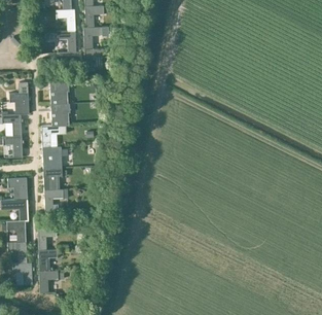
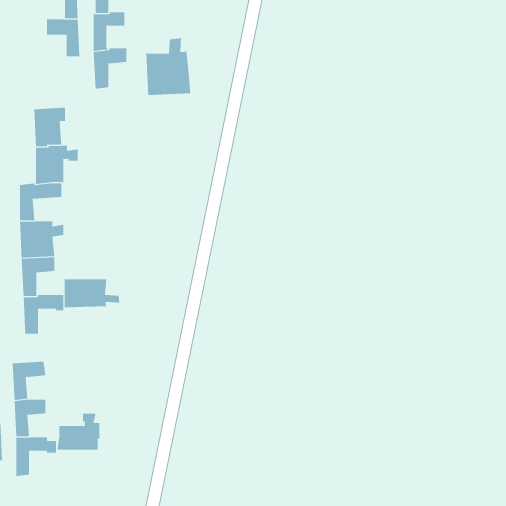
building: none -> [146,38,191,96]
building: none -> [64,278,120,308]
building: none -> [57,413,100,450]

